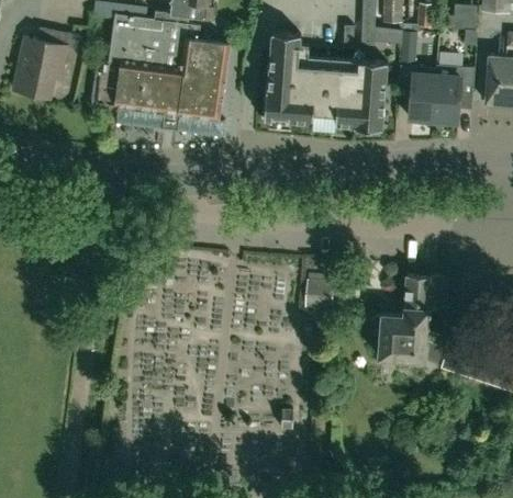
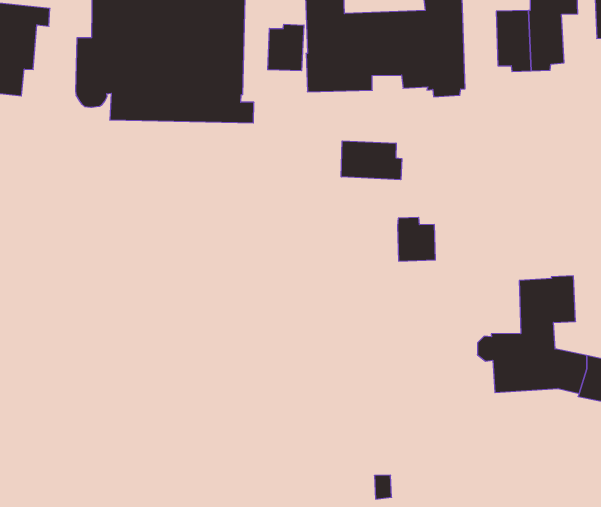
building: none -> [268,24,304,71]
building: none -> [341,141,402,180]
building: [305,273,335,307] -> [398,217,435,261]

